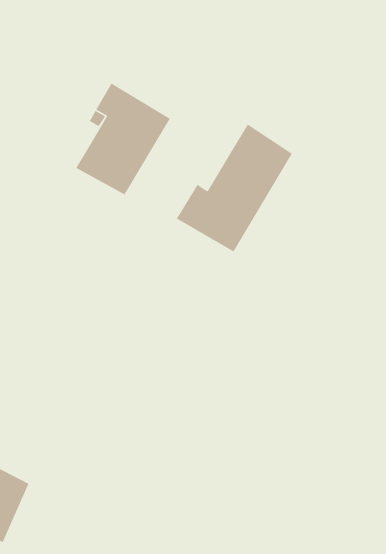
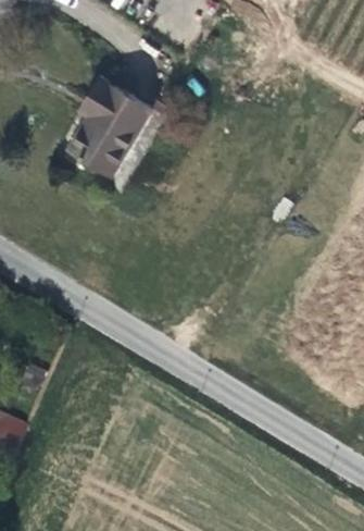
building: [176,124,293,253] -> none

